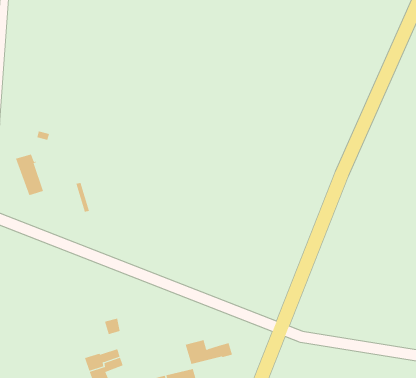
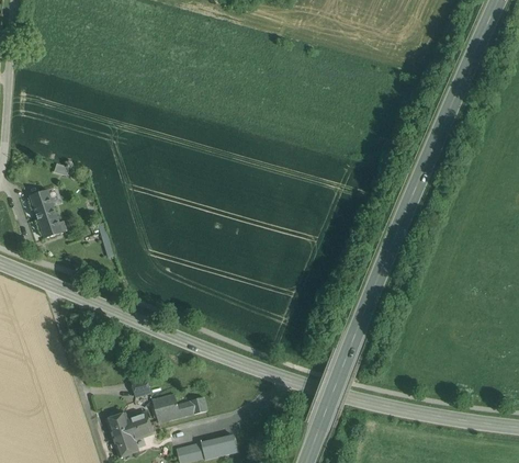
building: [185,340,233,365] -> [151,393,206,421]

